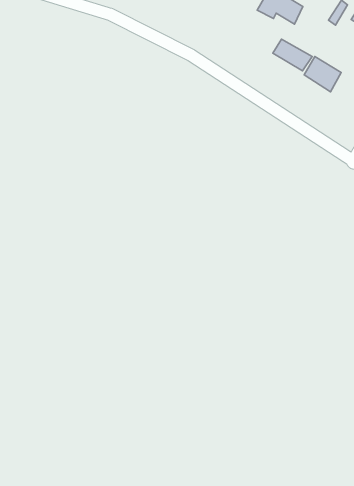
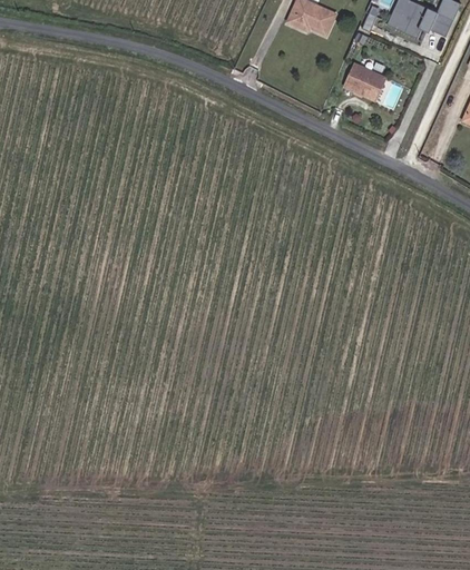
building: [273,39,312,71] -> none

